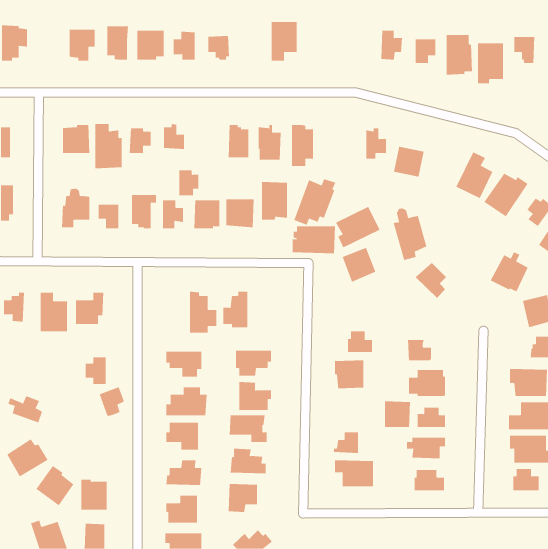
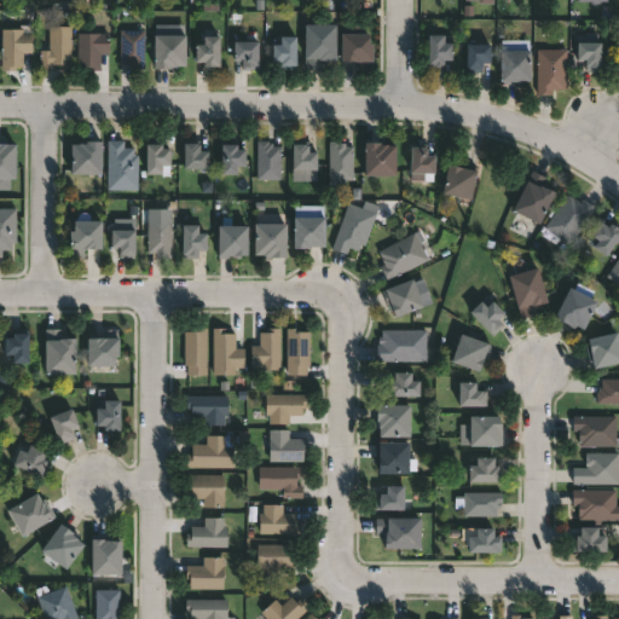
building: none -> [41,24,71,70]
building: none -> [342,25,374,69]
building: none -> [273,35,297,68]
building: none -> [366,143,398,175]
building: [179,170,199,196] -> [222,144,245,173]
building: [393,208,427,261] -> [510,259,549,318]
building: [292,226,336,254] -> [378,330,428,361]
building: none -> [185,328,208,375]
building: none -> [288,328,311,375]
building: none -> [452,334,491,372]
building: [99,387,125,417] -> [50,409,79,442]
building: [384,401,411,428] -> [381,442,411,473]

